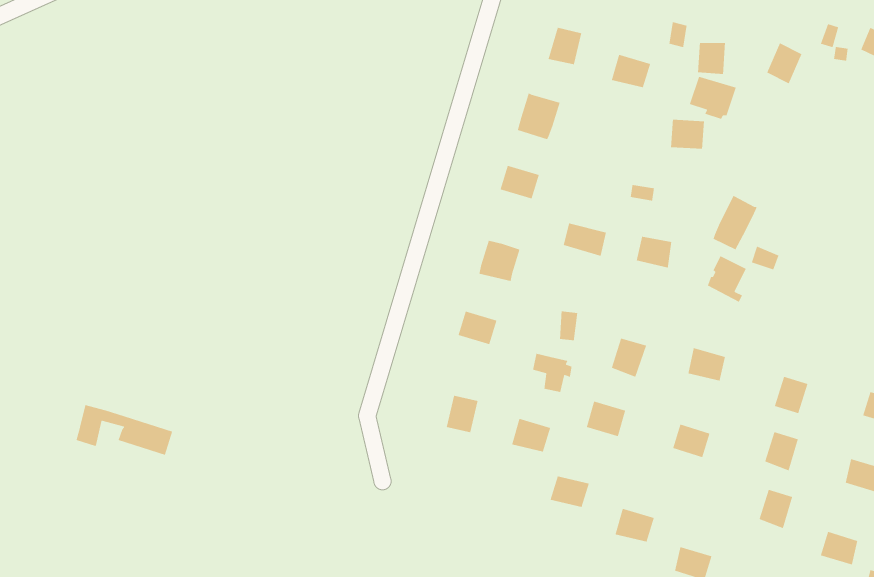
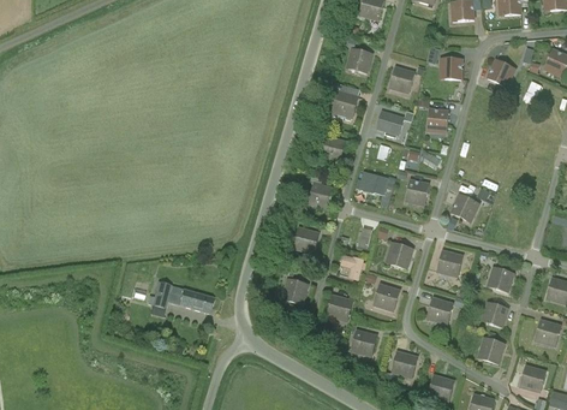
building: [689,76,737,120] -> [375,109,405,137]
building: [712,194,758,251] -> none
building: [75,404,173,456] -> [151,281,213,314]

